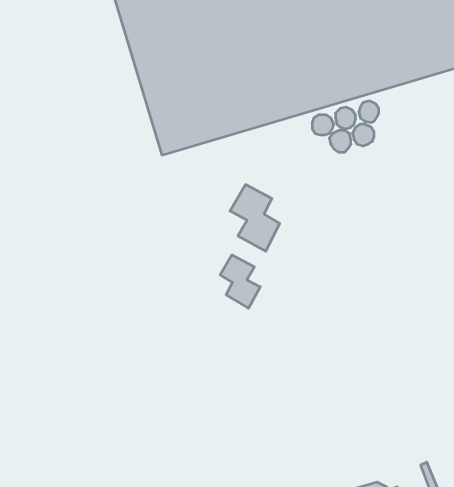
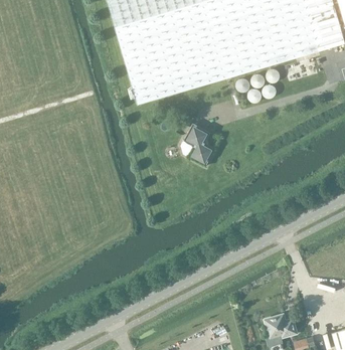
building: [220,255,260,308] -> none

